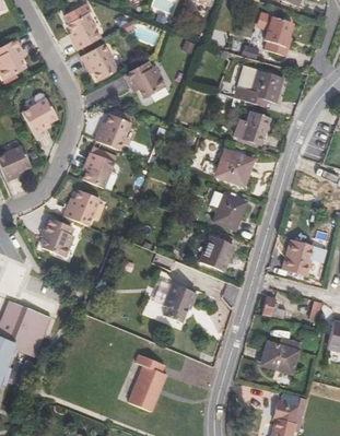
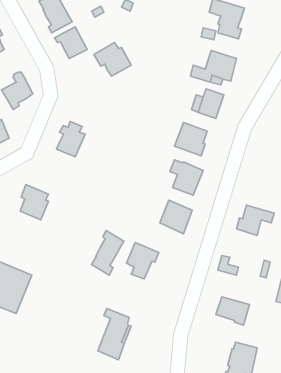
building: [95,109,133,152] -> none
building: [65,190,99,226] -> none
building: none -> [91,231,124,275]

